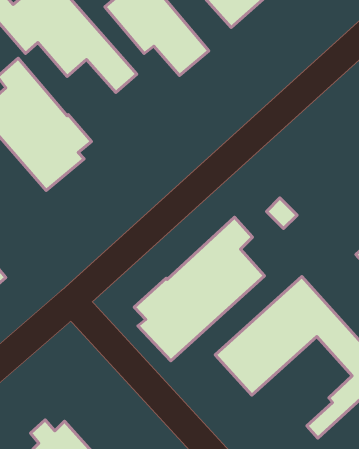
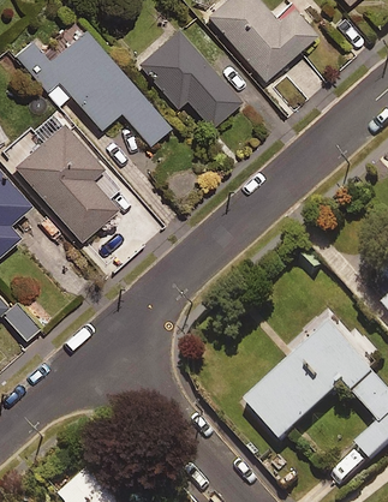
building: [134,217,265,361] -> none

